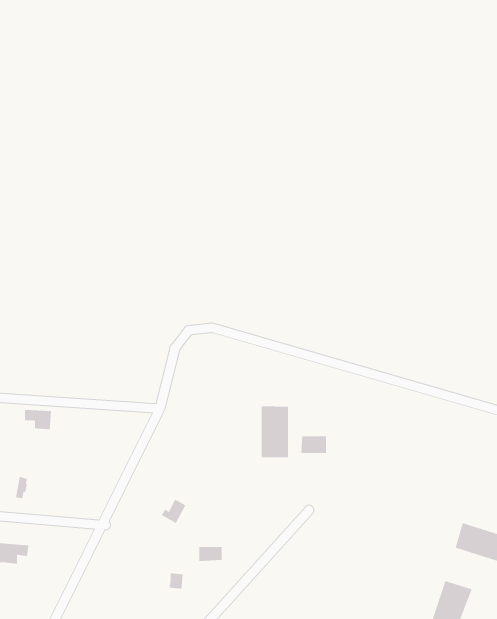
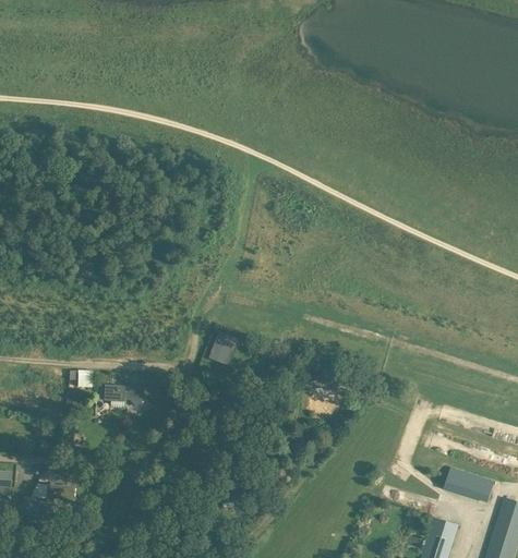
building: none -> [207,331,239,366]
building: [261,406,289,458] -> none
building: none -> [105,385,146,405]

